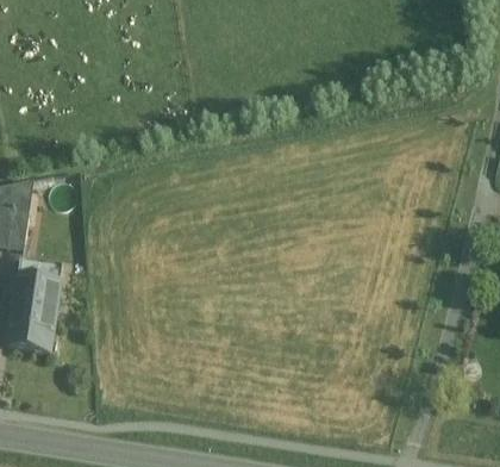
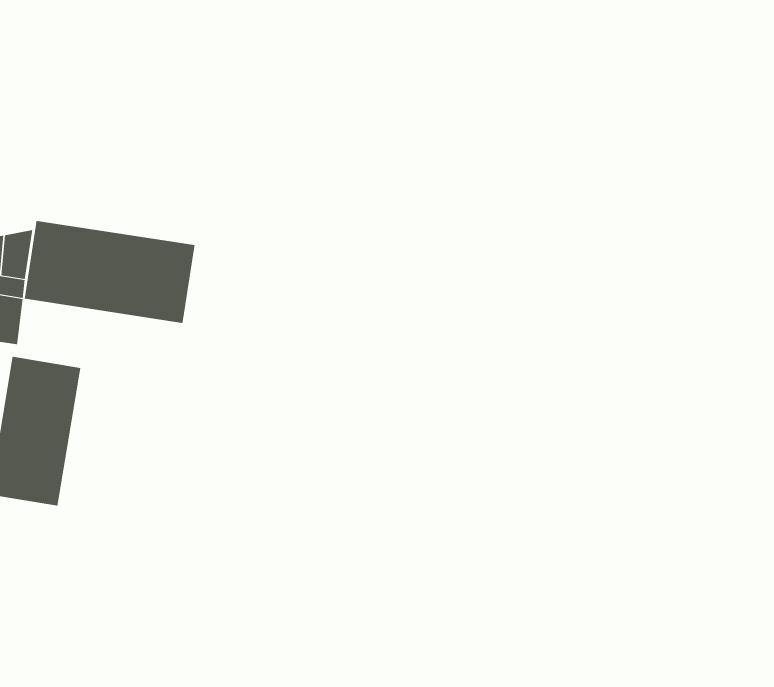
building: none -> [24,220,195,324]

